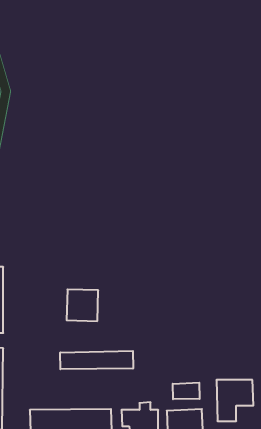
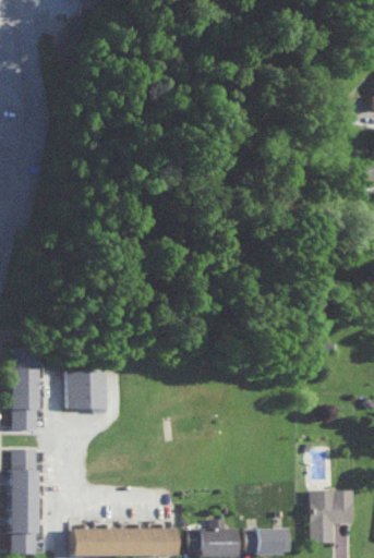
building: [67,289,98,321] -> [67,371,107,411]
building: [60,351,133,369] -> none
building: [173,383,200,399] -> none

